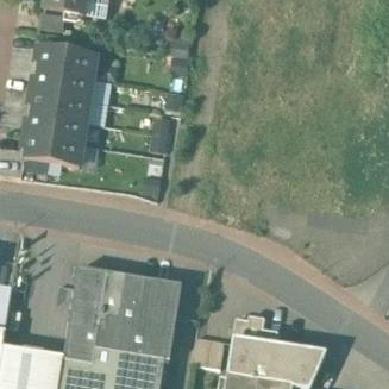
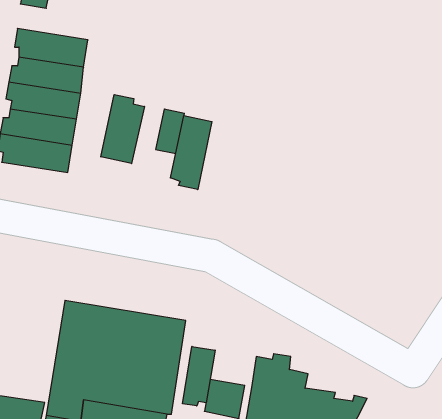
building: none -> [101,95,144,164]
building: none -> [170,116,212,190]
building: none -> [183,346,215,406]

